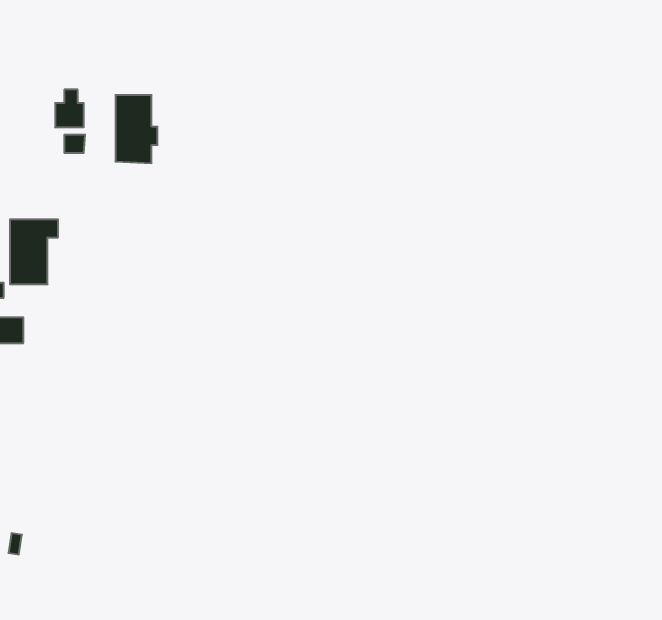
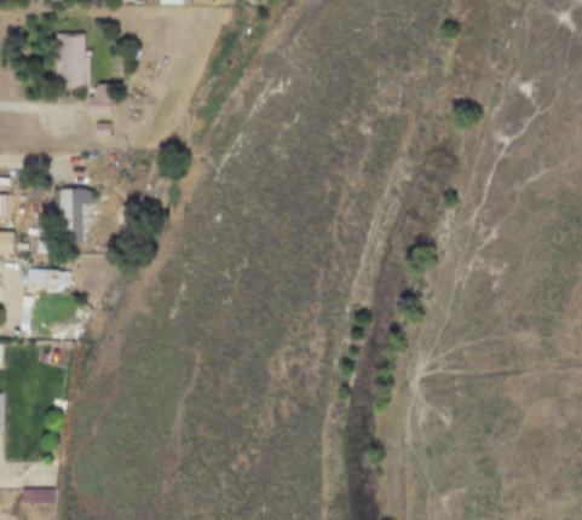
building: [115,95,158,163] -> [57,33,91,87]

